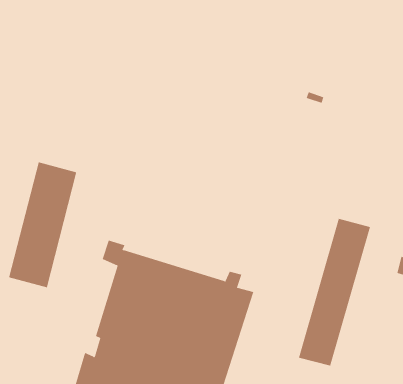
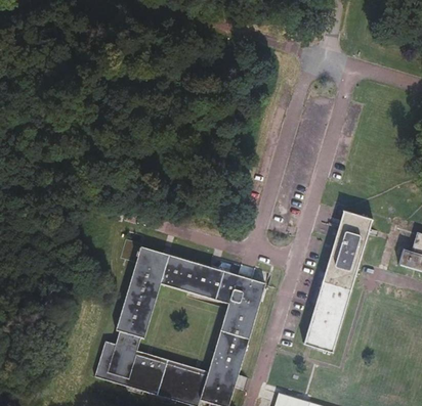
building: [9,161,77,288] -> none

